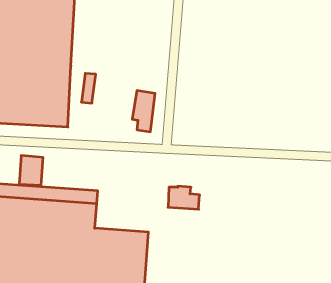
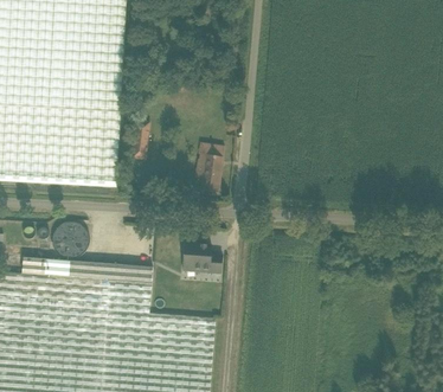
building: [168,186,200,209] -> [182,244,222,272]

